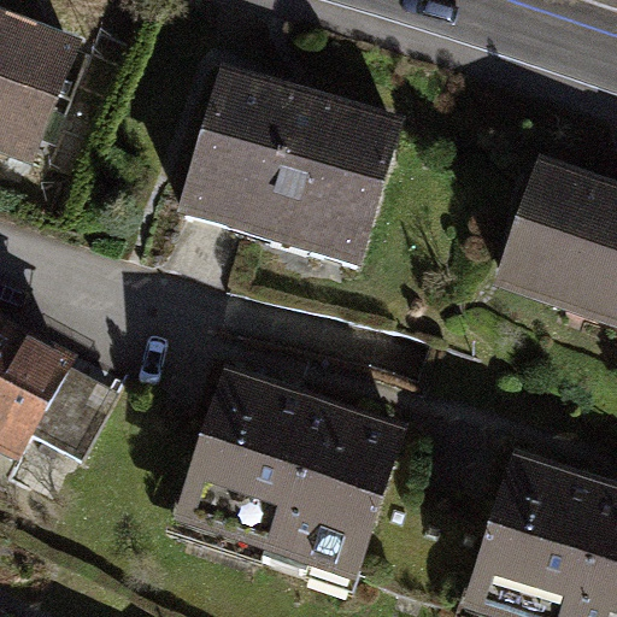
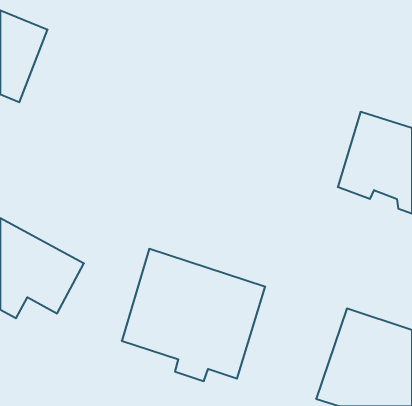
building: [184,74,395,260] -> none

